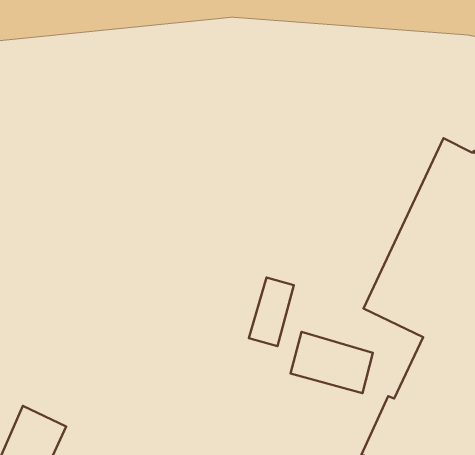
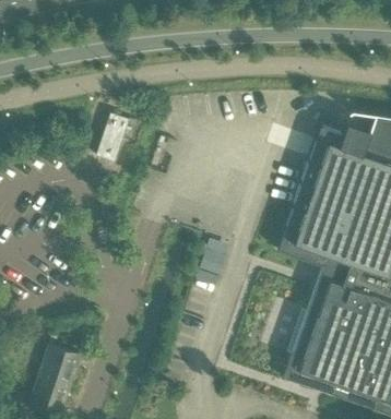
building: none -> [96,113,130,163]
building: [291,332,373,393] -> none

